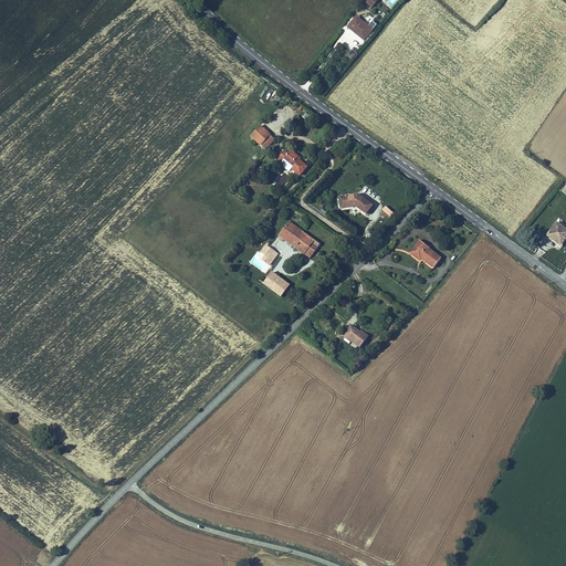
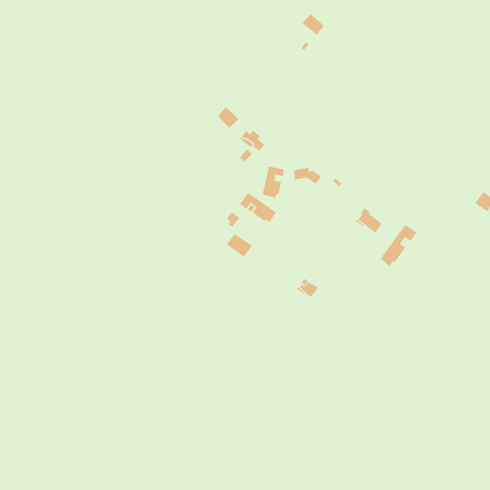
building: none -> [262,166,284,198]
building: none -> [380,224,417,267]

